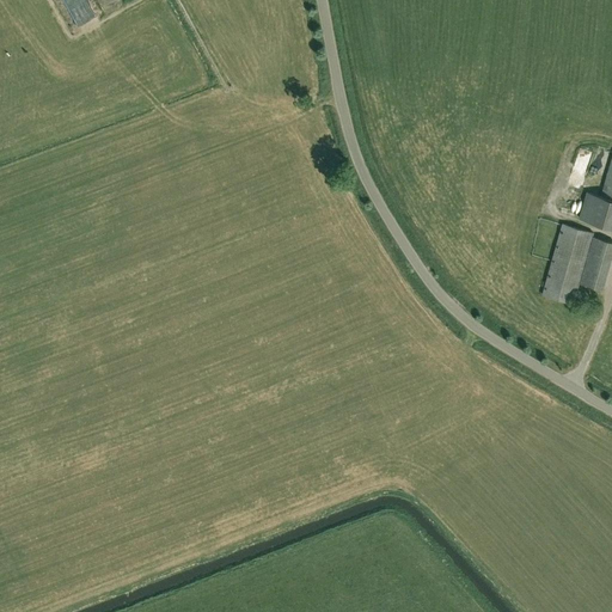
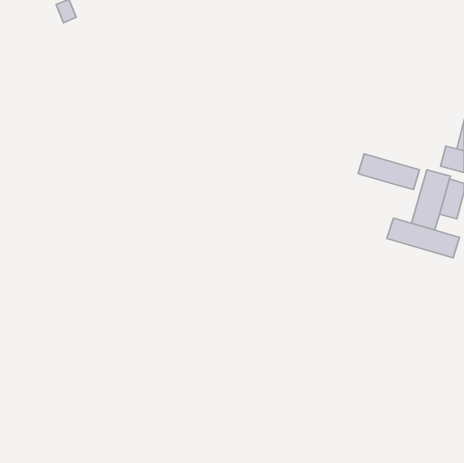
building: none -> [358,154,420,190]
building: none -> [387,218,460,258]

